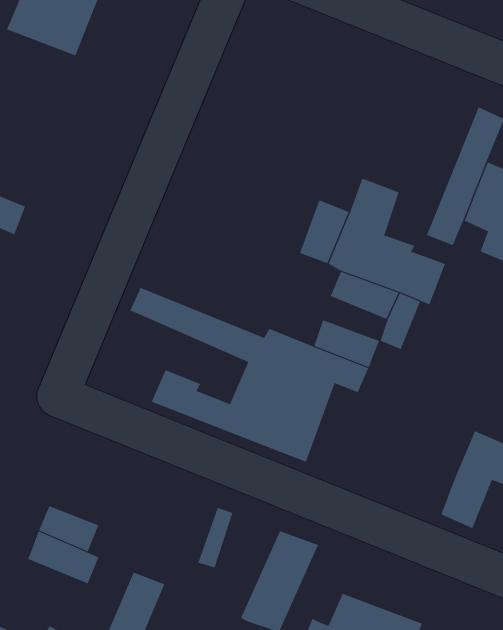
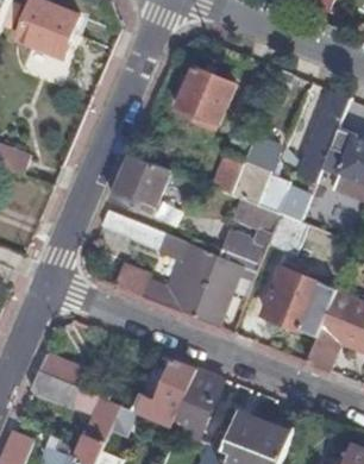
building: none -> [175,65,233,126]
building: none -> [111,153,169,211]
building: none -> [262,267,335,334]
building: none -> [138,360,199,428]

